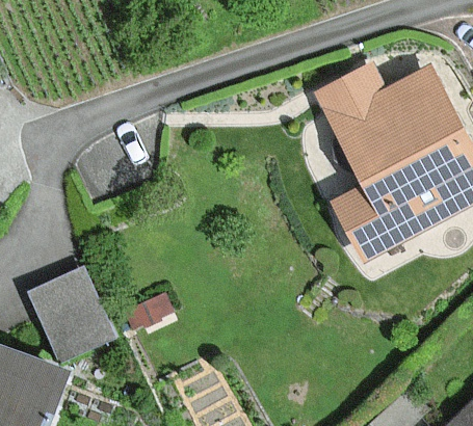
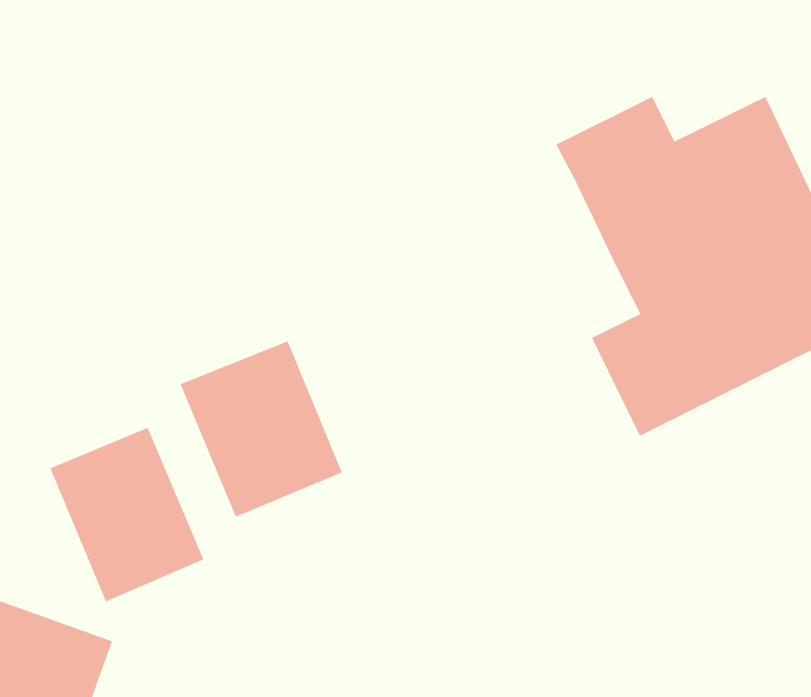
building: none -> [180,340,342,518]

